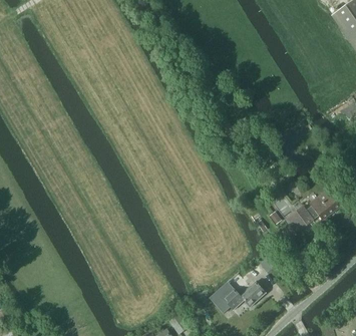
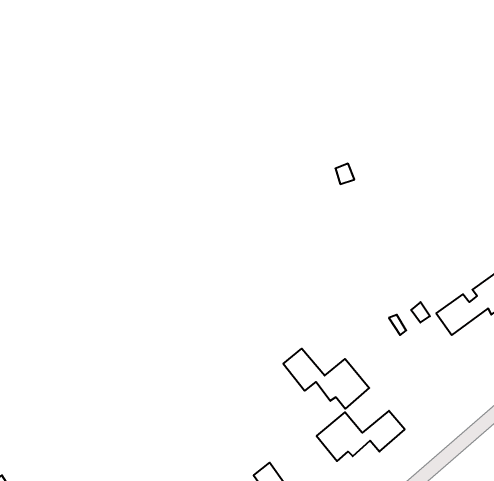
building: none -> [283,349,369,409]

